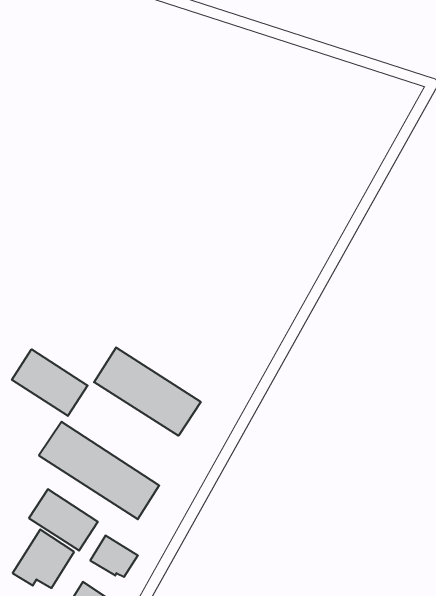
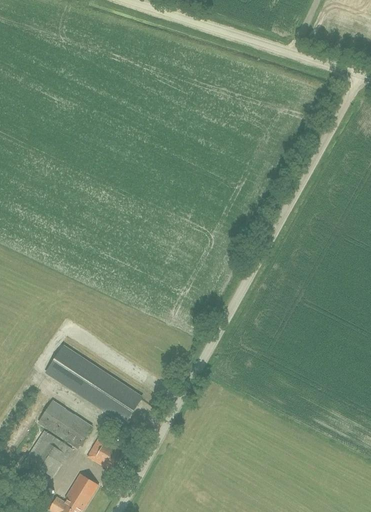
building: [94,347,201,436] -> none
building: [12,349,88,416] -> none

